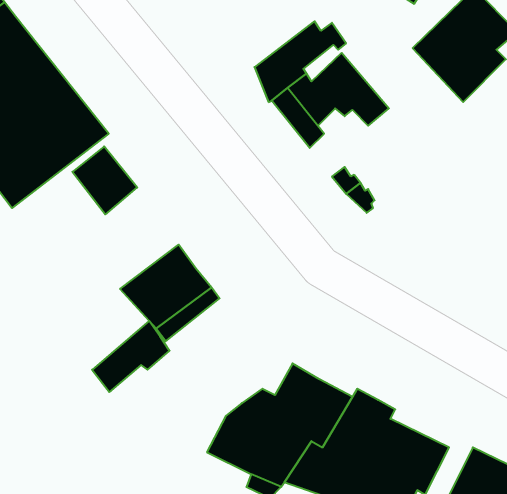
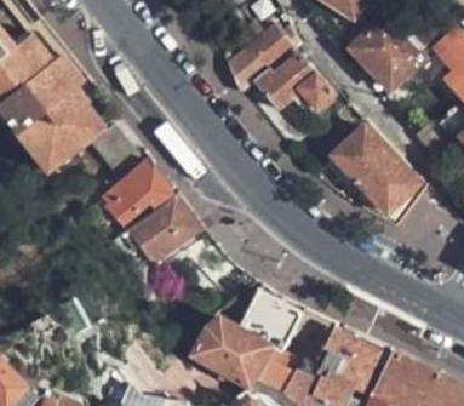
building: none -> [333,127,417,215]
building: [92,321,170,392] -> [108,171,167,225]

